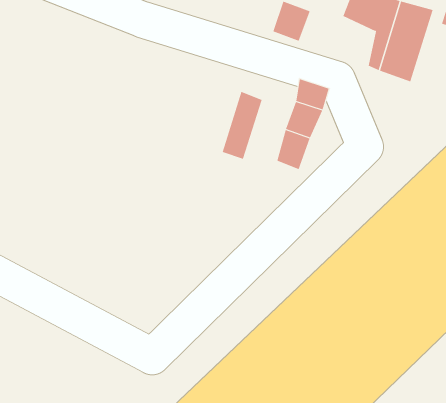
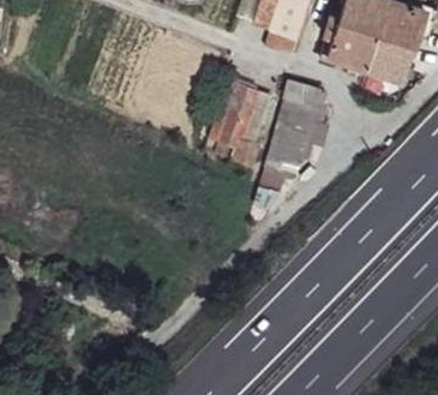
building: none -> [325,19,365,66]

